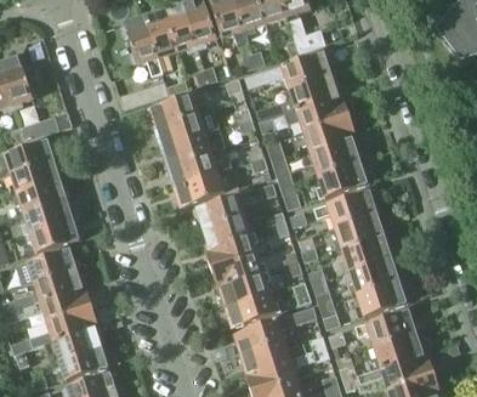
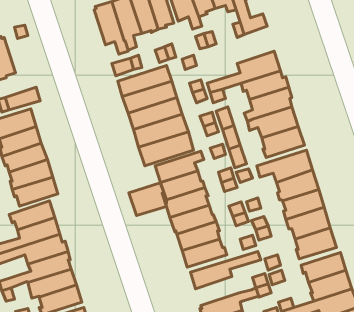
building: [245,51,334,89] -> none
building: none -> [129,183,167,215]
building: [242,338,307,372] -> none

